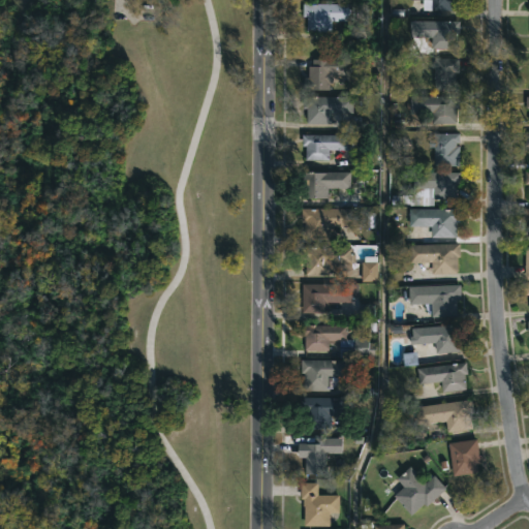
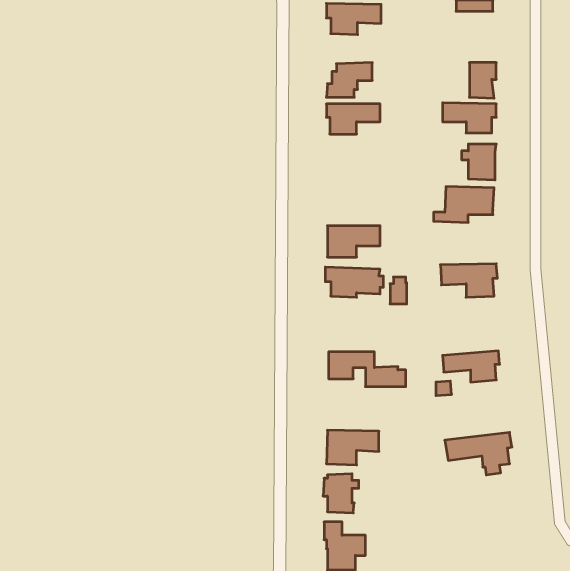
building: [409,21,460,49] -> none
building: [302,134,349,160] -> none
building: [304,173,350,198] -> none
building: [409,208,461,238] -> none
building: [302,284,360,314] -> none
building: [409,284,461,317] -> none
building: [299,361,354,392] -> none
building: [417,363,470,393] -> none
building: [449,439,480,476] -> none
building: [394,466,446,516] -> none

